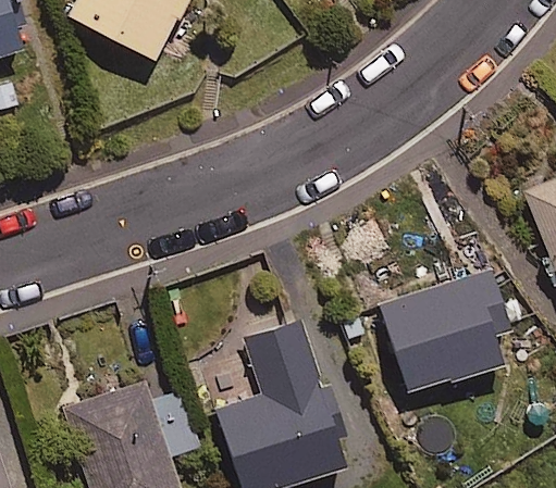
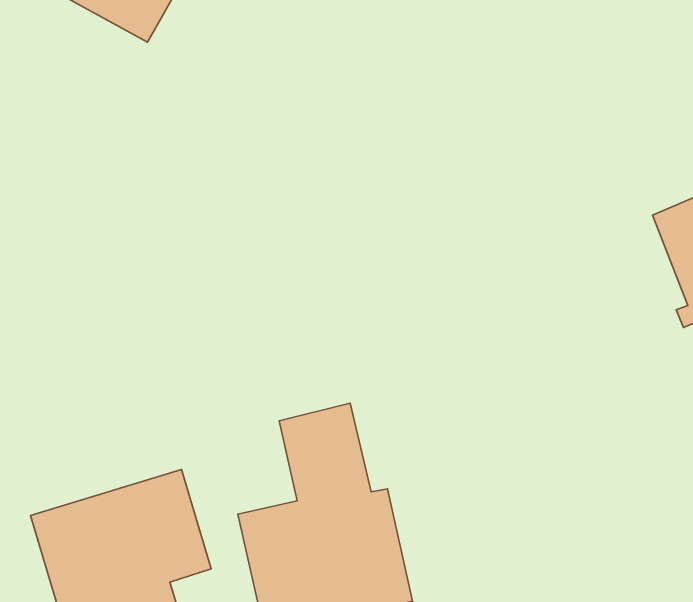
building: [380,270,512,392] -> none

